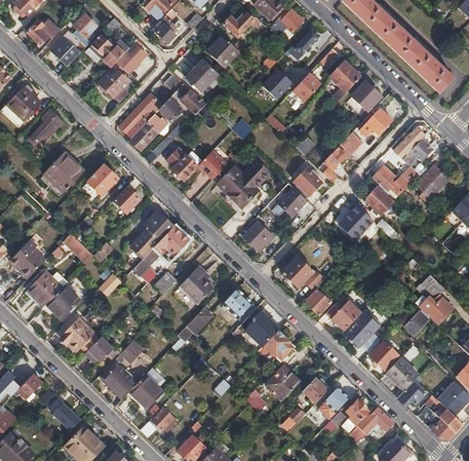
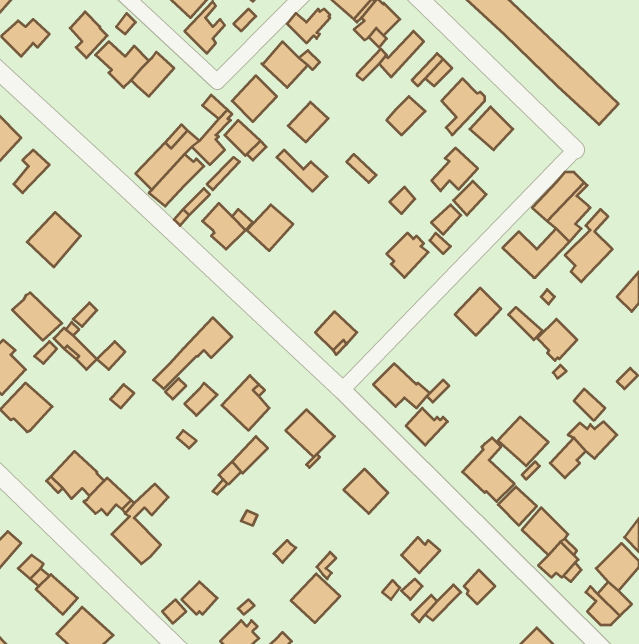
building: [50,37,80,66] -> none
building: [102,62,128,101] -> none
building: [263,71,290,99] -> [288,102,328,142]
building: [360,106,392,136] -> [432,148,478,191]
building: [219,160,269,206] -> none
building: [89,166,117,194] -> none
building: [115,178,140,212] -> none
building: [271,187,307,216] -> none
building: [365,187,393,216] -> [537,319,577,361]
building: none -> [12,293,62,340]
building: [132,212,173,258] -> none
building: [47,285,79,317] -> none
building: [326,296,361,330] -> [498,417,548,466]
building: [244,311,279,348] -> none
building: [266,367,300,400] -> [291,574,340,623]
building: [130,375,162,408] -> none
building: [320,387,348,418] -> none
building: [347,409,394,440] -> none

